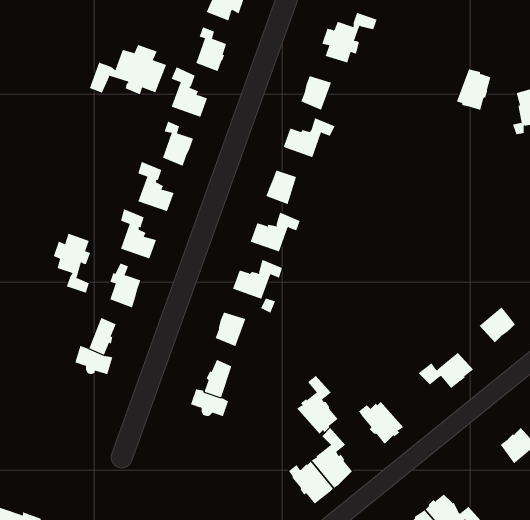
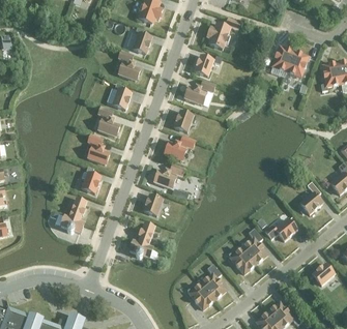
building: [89,44,167,95] -> none
building: none -> [269,47,293,78]
building: [53,233,91,293] -> none
building: [297,375,339,435] -> [241,229,266,264]

